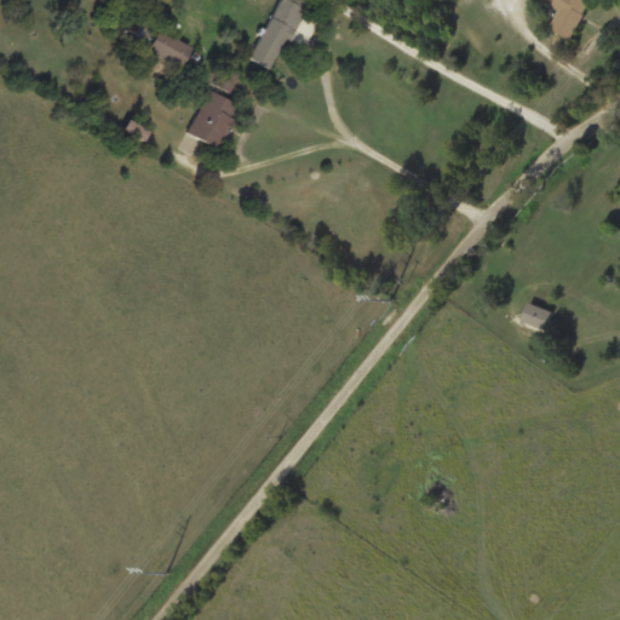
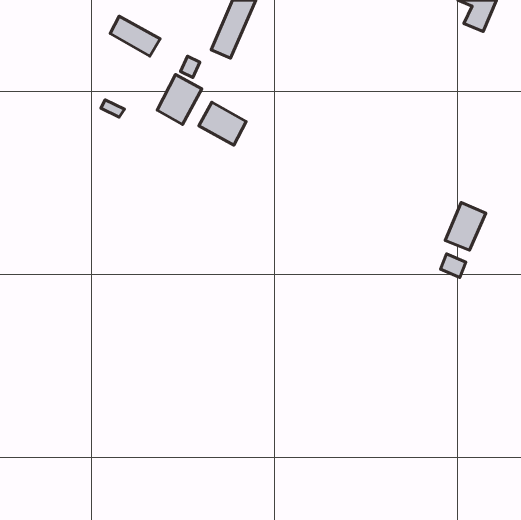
building: none -> [199,102,246,145]
building: none -> [445,203,486,250]

